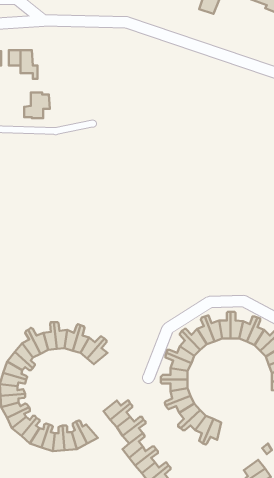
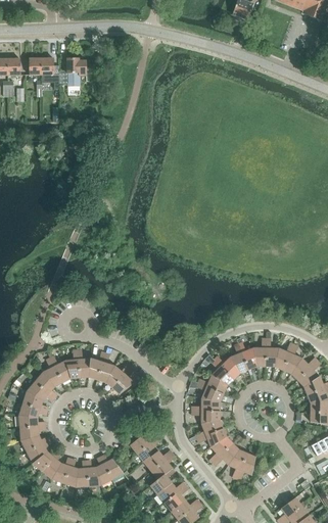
building: [24,92,50,118] -> [59,58,87,86]

